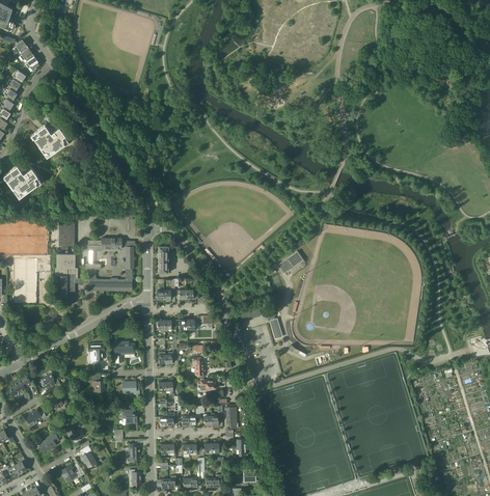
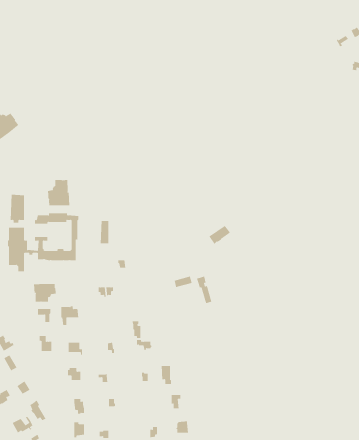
building: none -> [48,179,70,206]
building: none -> [34,283,56,303]

